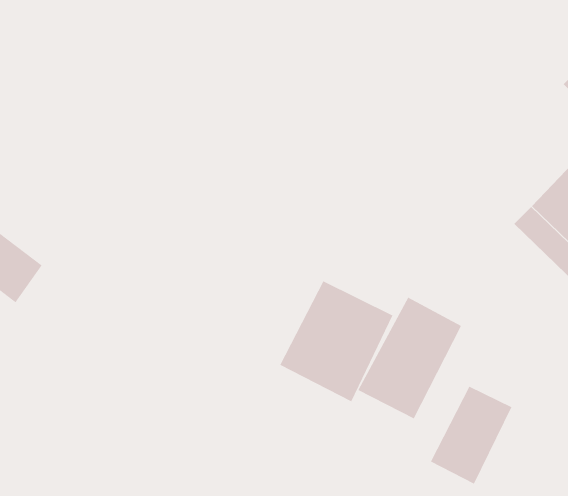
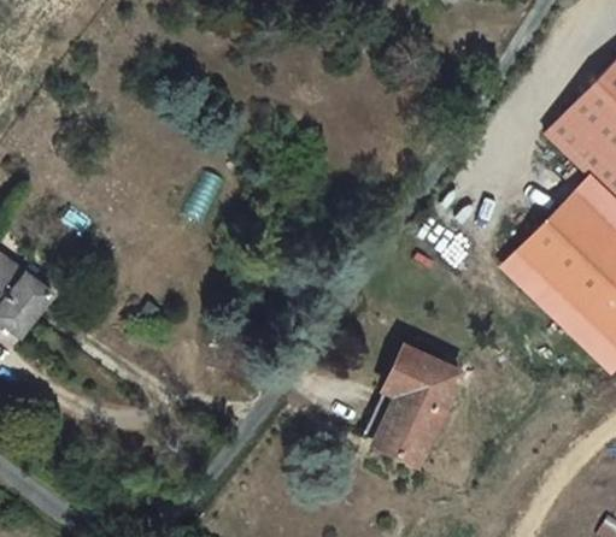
building: [280,280,393,402] -> none
building: [430,386,512,484] -> none

